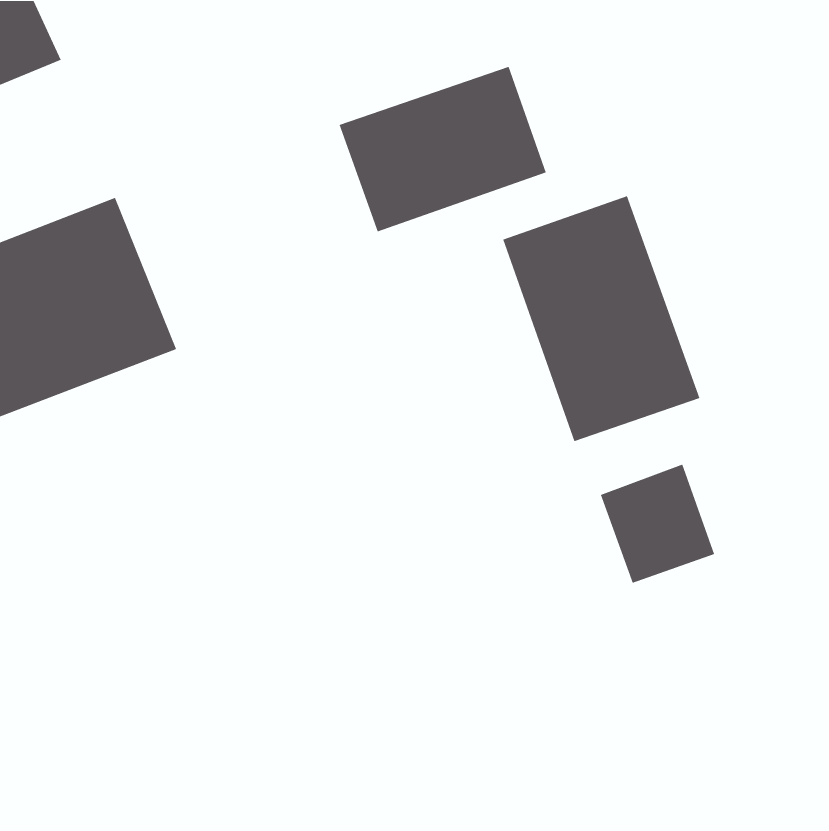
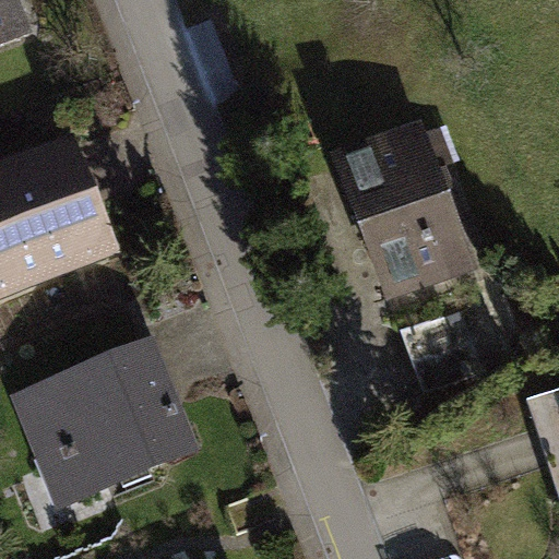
building: [339,66,547,233] -> none
building: none -> [35,334,199,500]

